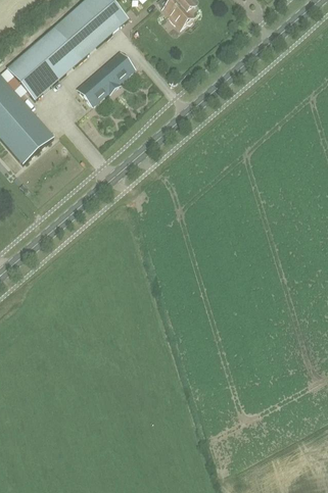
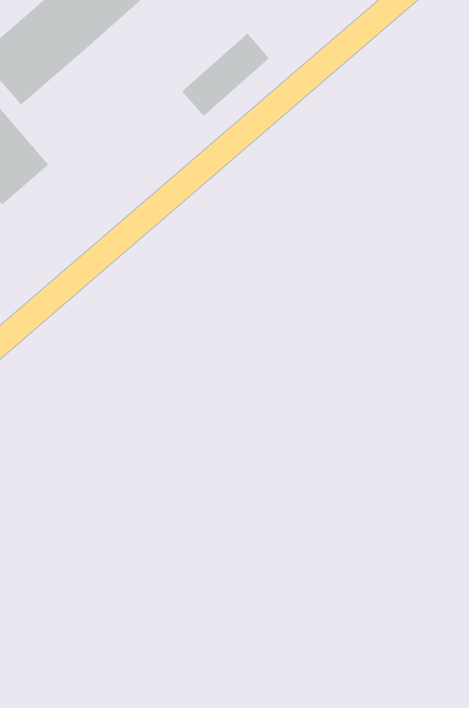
building: [77,51,134,105] -> [181,33,270,117]

